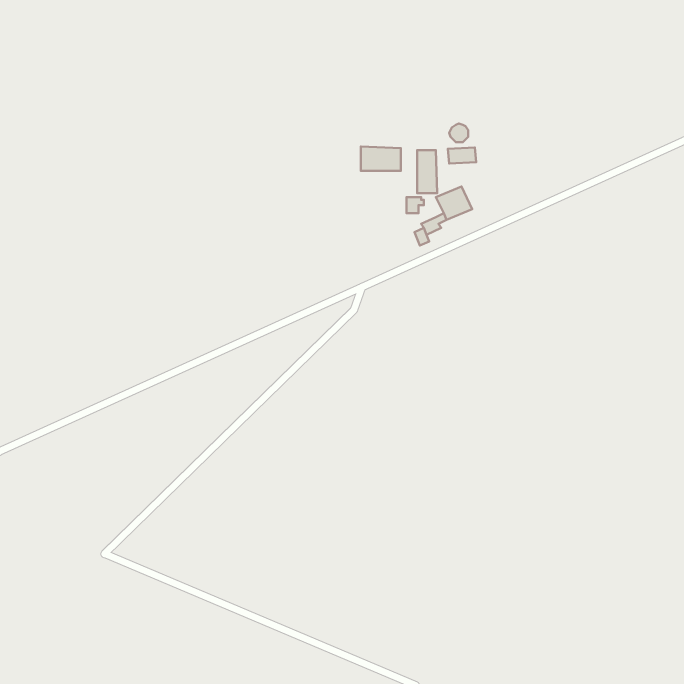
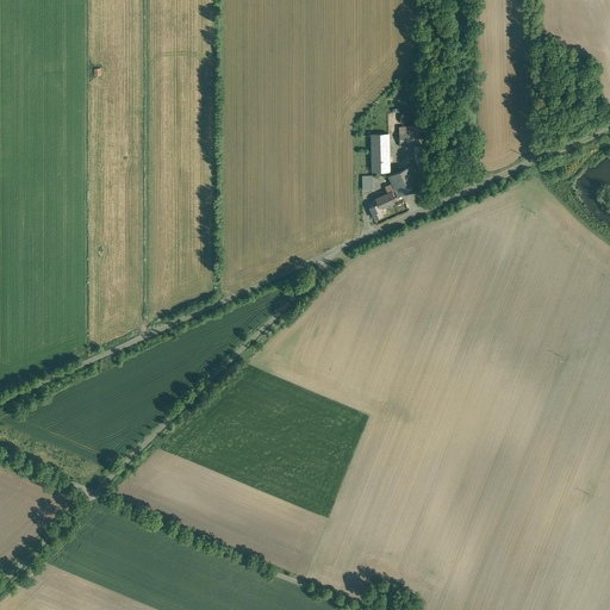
building: [361,146,401,171] -> none

